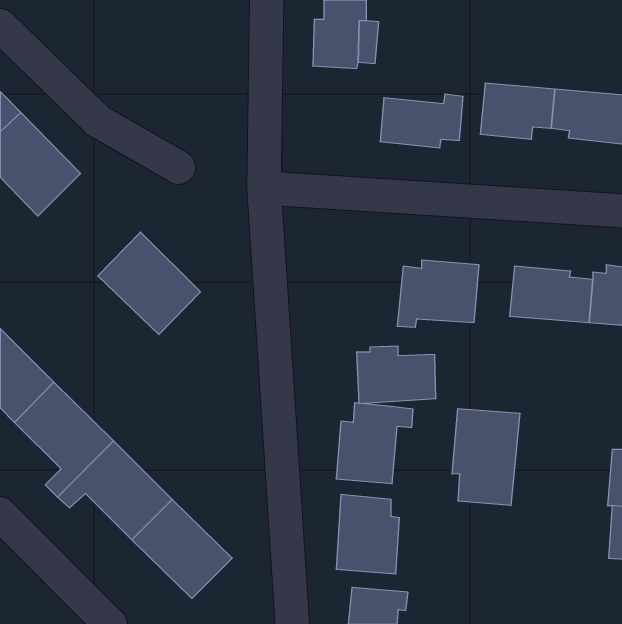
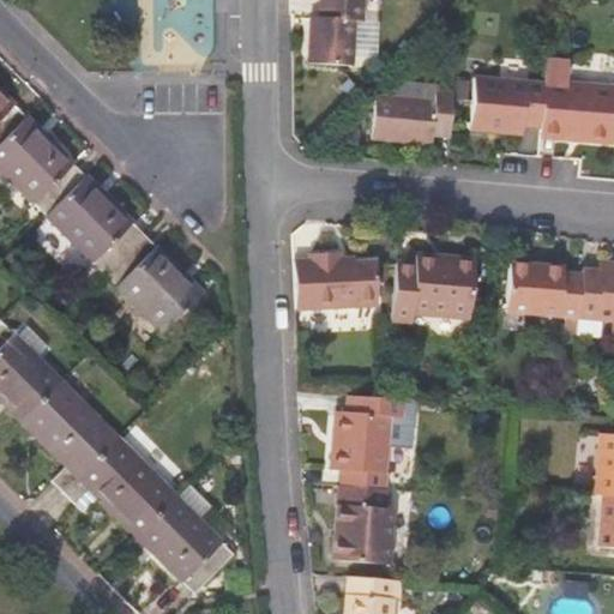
building: none -> [40,170,140,271]
building: [356,346,436,403] -> [296,249,374,306]
building: [452,409,520,506] -> none

